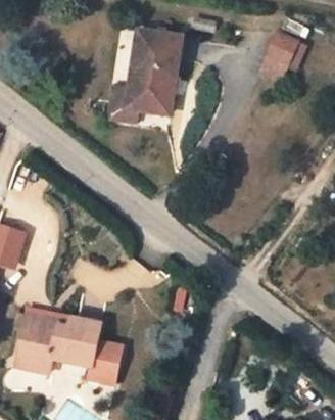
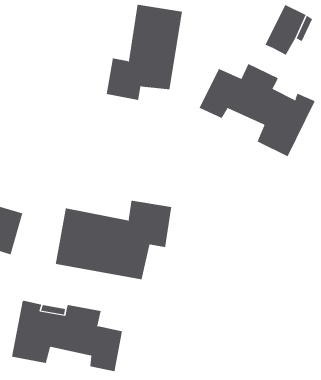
building: none -> [199,63,315,157]
building: none -> [55,200,172,280]

